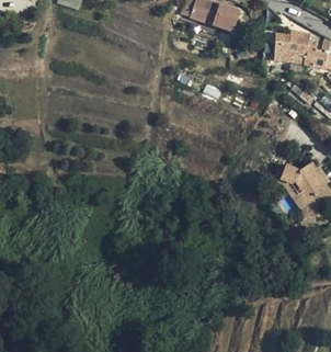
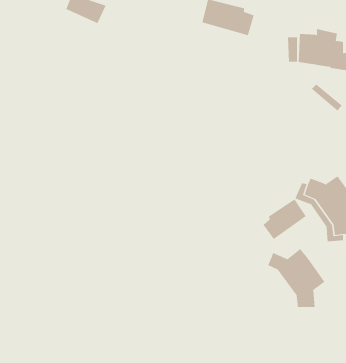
building: none -> [263,198,306,240]
building: none -> [267,248,325,308]

